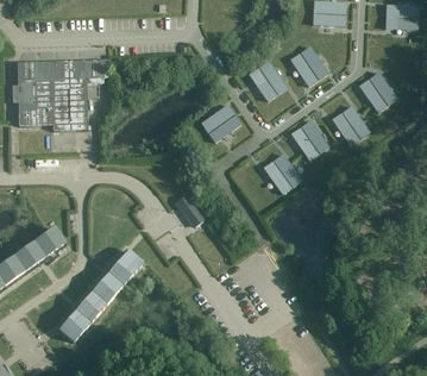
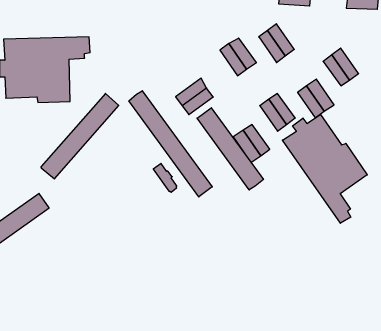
building: none -> [129,91,212,197]
building: none -> [197,108,263,190]
building: none -> [282,115,367,223]
building: [59,250,143,341] -> [41,93,119,179]

